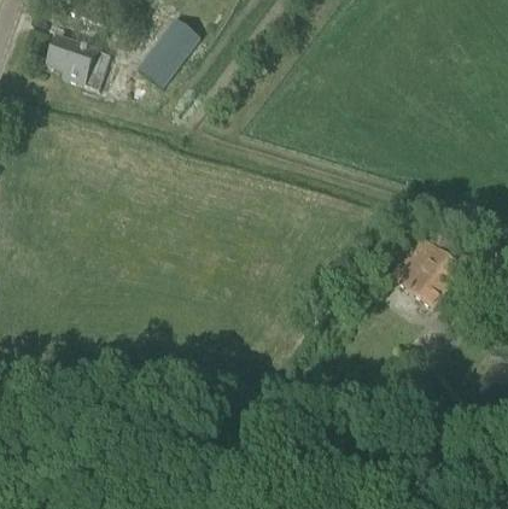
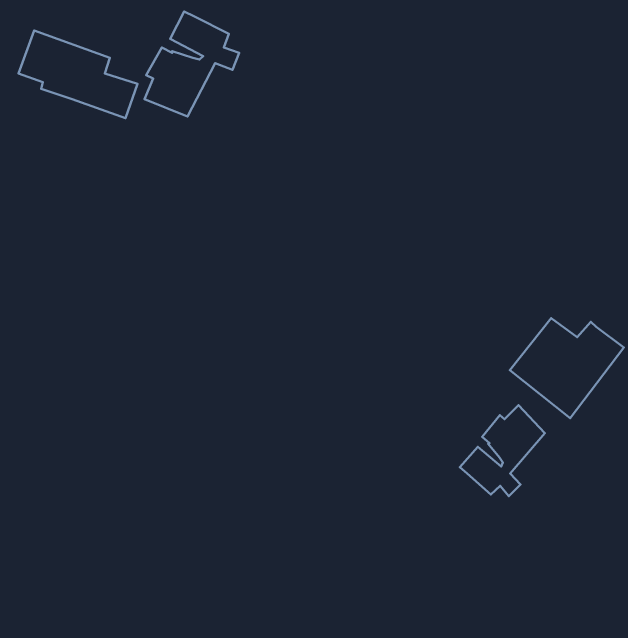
building: none -> [460,405,545,496]

